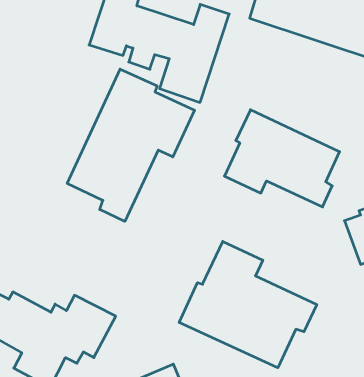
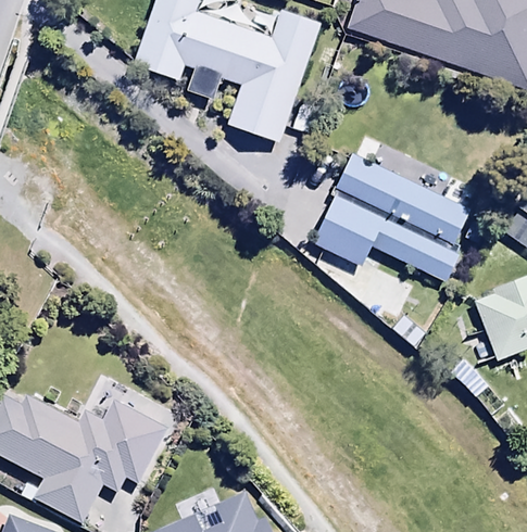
building: [67,69,195,221] -> none
building: [179,241,317,368] -> none

